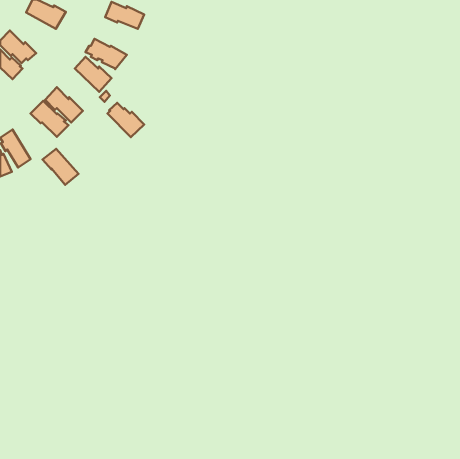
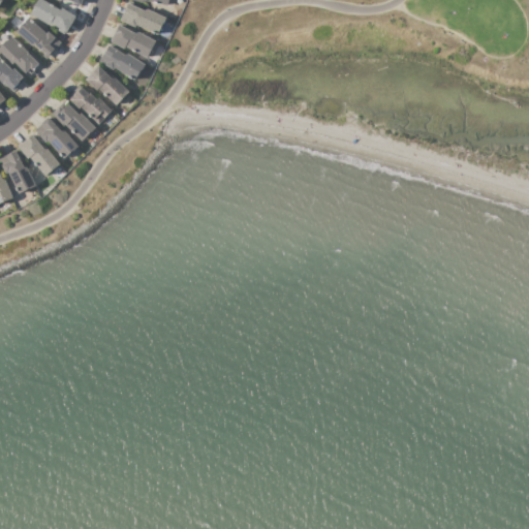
building: none -> [15,18,61,56]
building: none -> [112,24,156,56]
building: [107,103,144,137] -> [70,86,113,125]
building: [43,149,79,185] -> [19,133,60,175]

